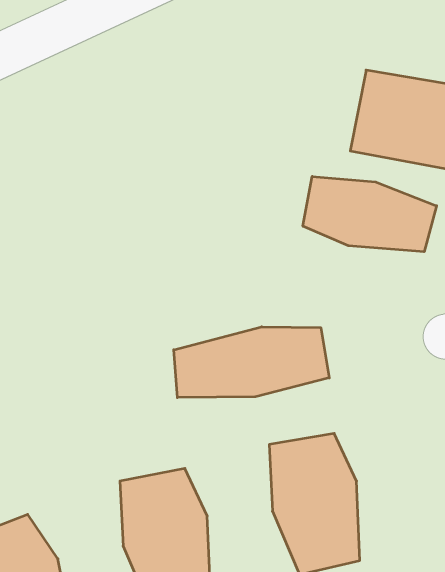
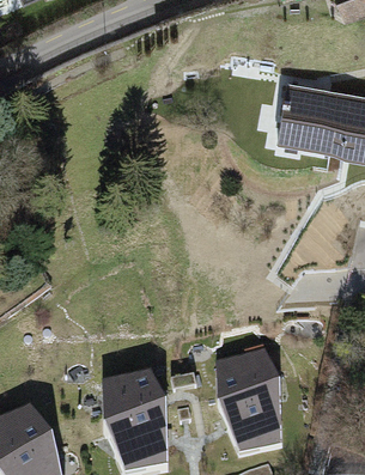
building: [303,176,437,252] -> none
building: [174,327,329,398] -> none

